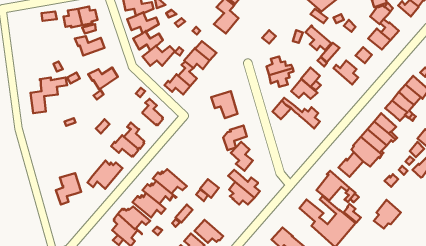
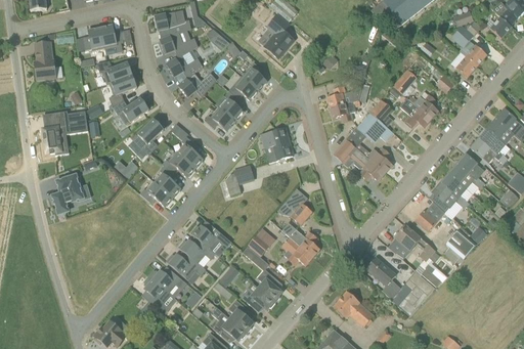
building: none -> [34,42,55,81]
building: [306,25,331,50] -> [399,97,430,127]
building: none -> [105,75,136,106]
building: none -> [132,119,163,155]
building: none -> [349,147,384,180]
building: none -> [161,150,194,177]
building: [223,125,247,150] -> [224,165,253,194]
building: [87,161,123,189] -> none
building: [56,173,81,205] -> [51,175,82,213]
building: [374,200,401,229] -> [442,228,475,263]
building: none -> [256,268,280,302]

